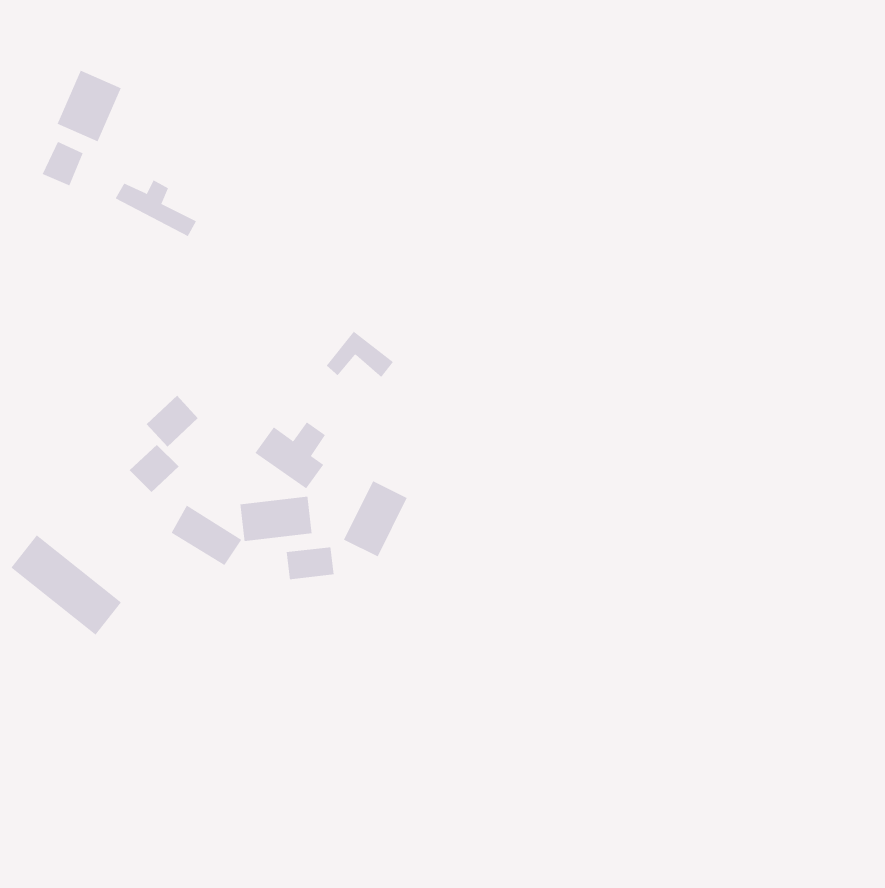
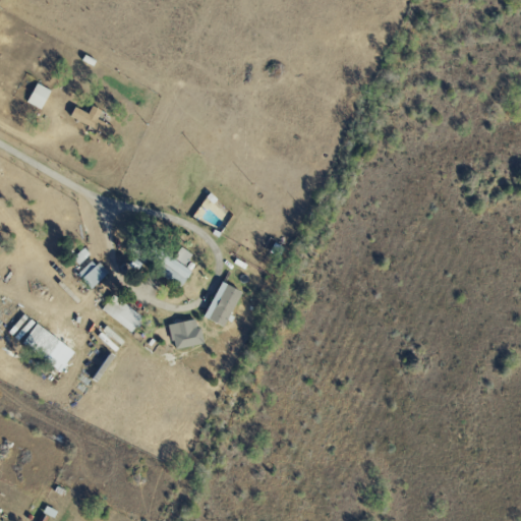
building: [57,70,122,142] -> none
building: [146,395,199,447] -> none
building: [240,496,312,542] -> none

